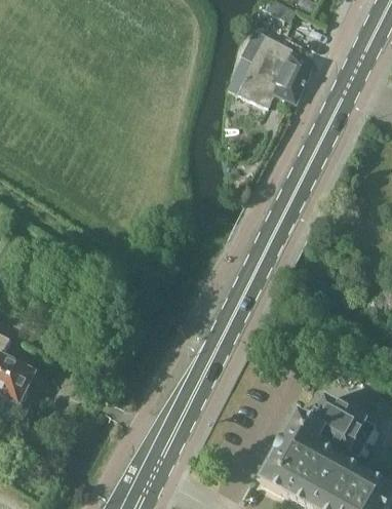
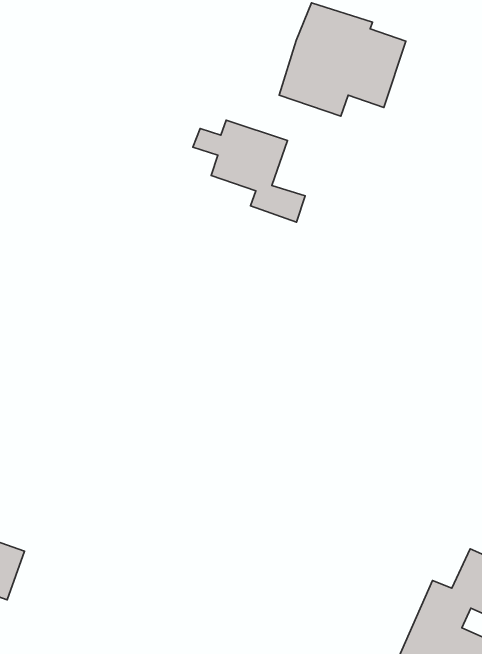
building: none -> [193,120,305,222]

